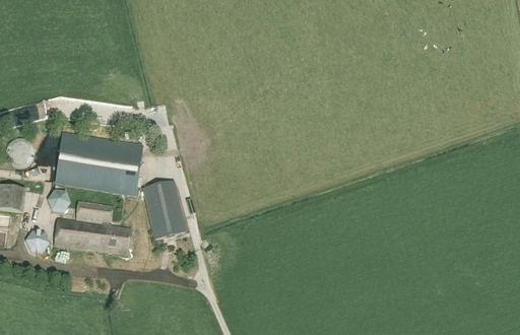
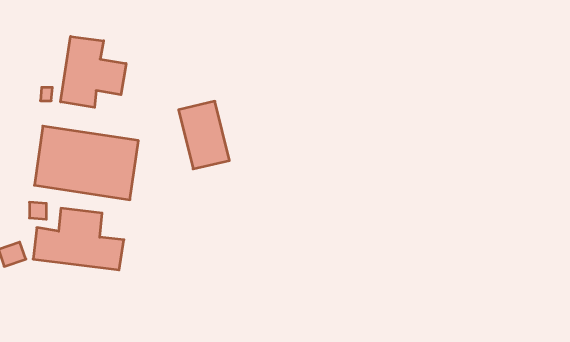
building: none -> [61,36,126,107]
building: [142,182,185,239] -> [179,101,229,169]

